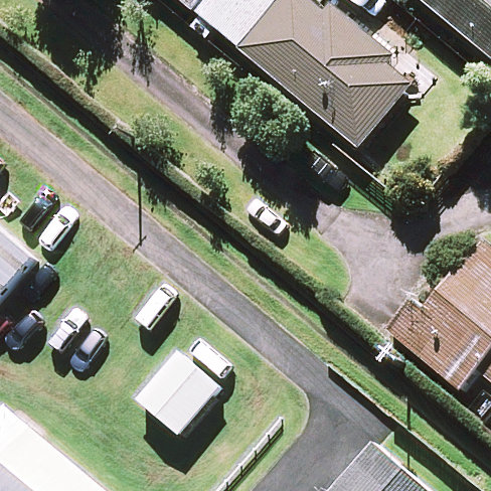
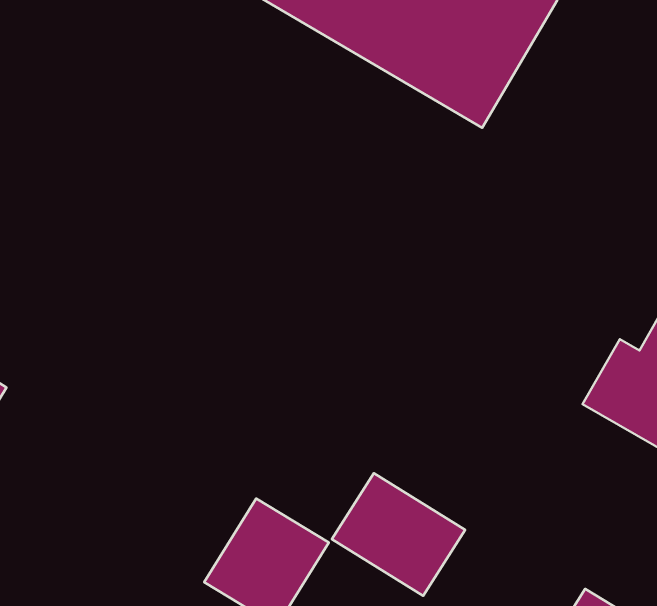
building: none -> [332,473,465,596]

